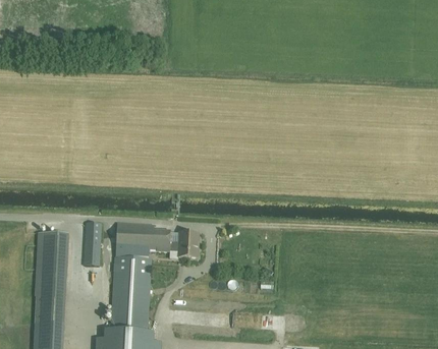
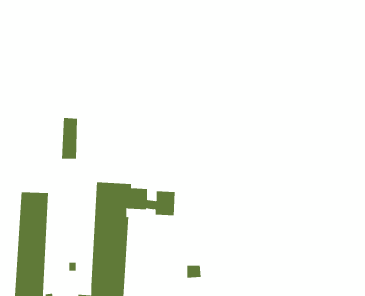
building: [84,220,101,263] -> [61,118,78,159]

